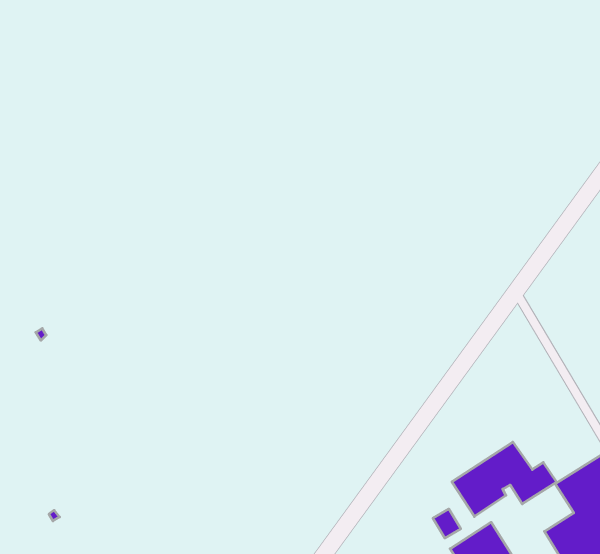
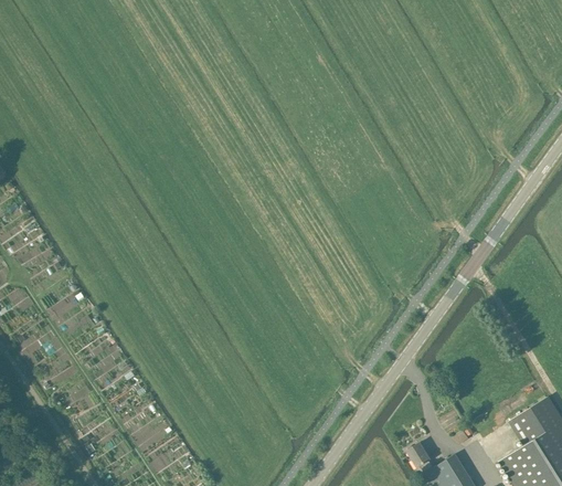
building: [452,442,556,517] -> none

